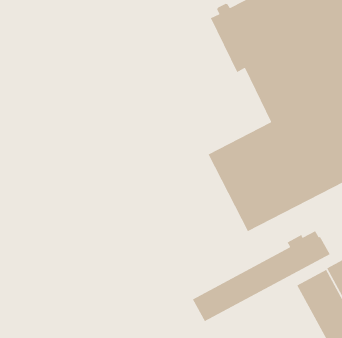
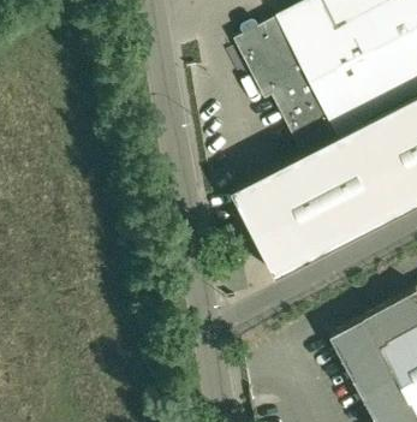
building: [192,230,331,322] -> none

